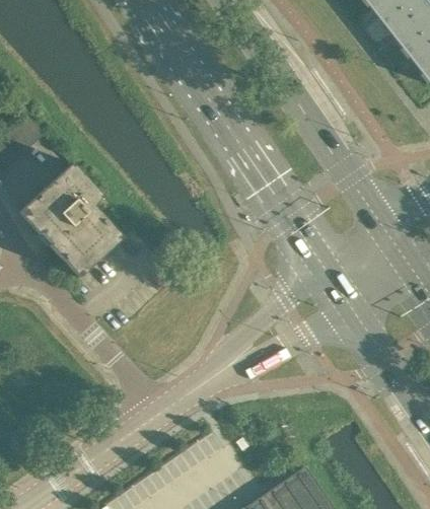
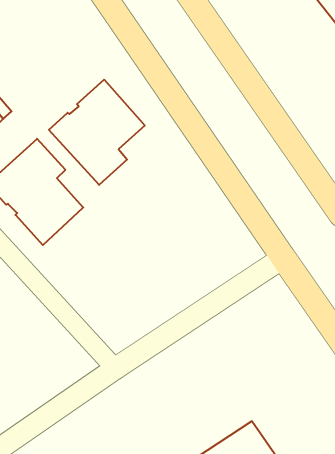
building: none -> [49,80,145,185]

